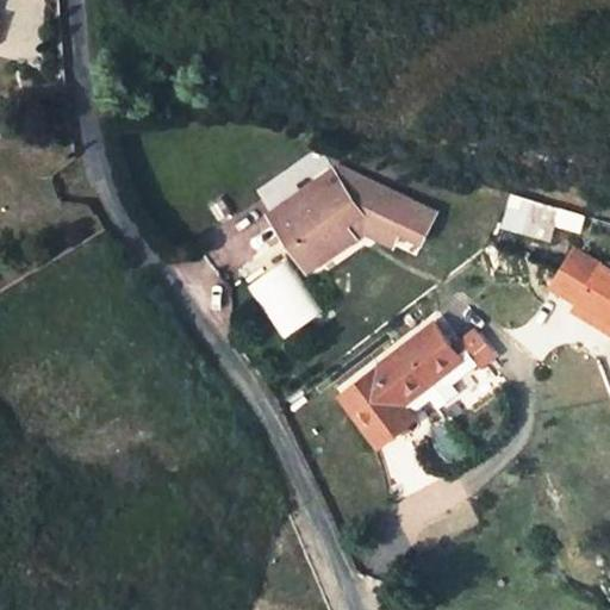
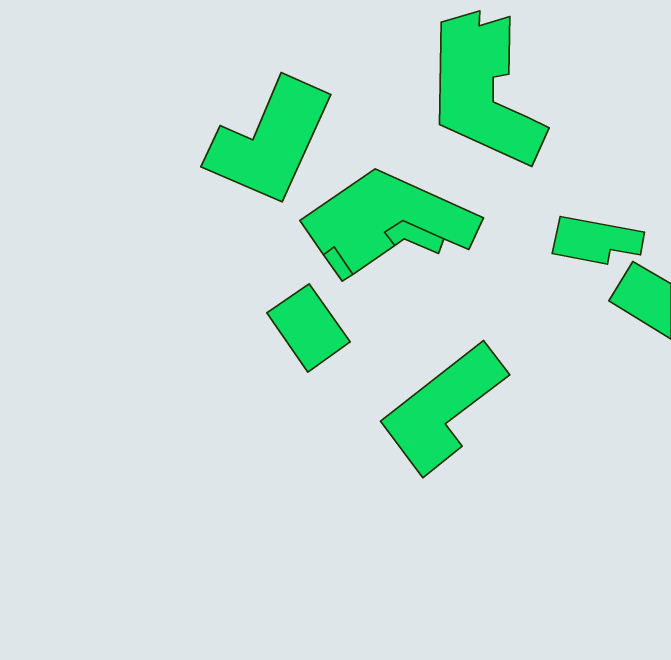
building: none -> [439,11,549,166]
building: none -> [201,72,331,202]
building: [402,347,477,410] -> none

